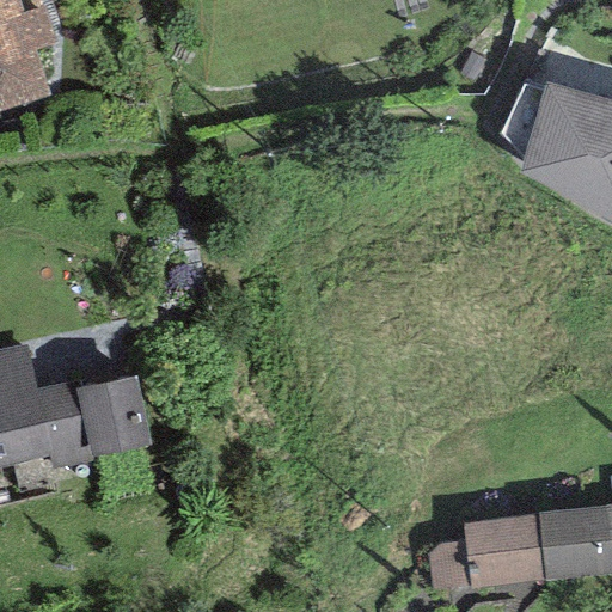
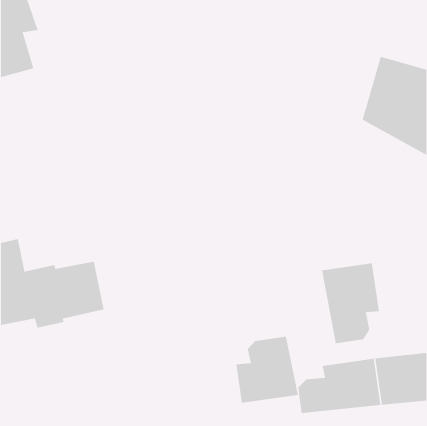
building: none -> [322,262,379,344]
building: none -> [236,336,299,404]

